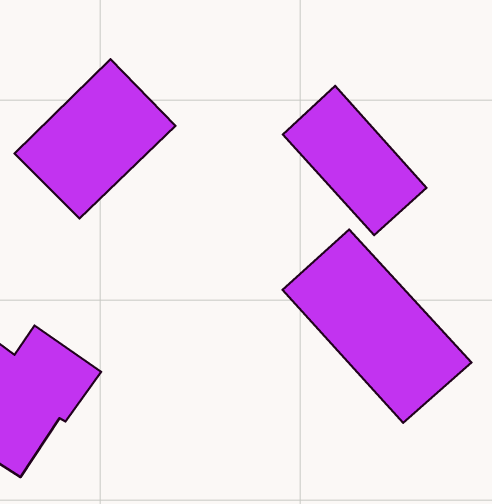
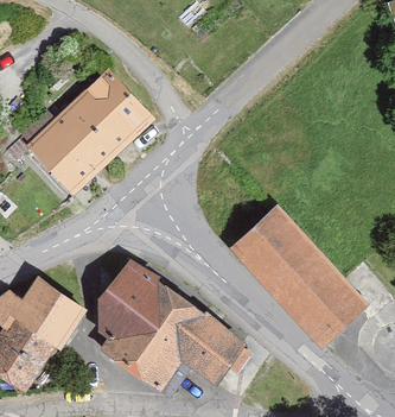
building: [283,86,427,235] -> none
building: none -> [94,264,251,393]

